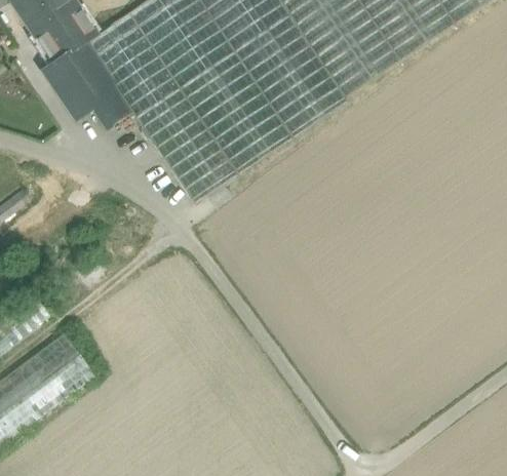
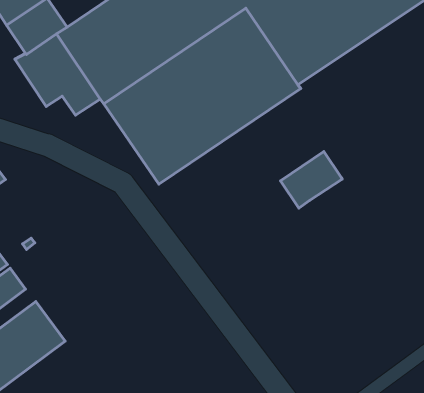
building: none -> [281,152,342,208]

